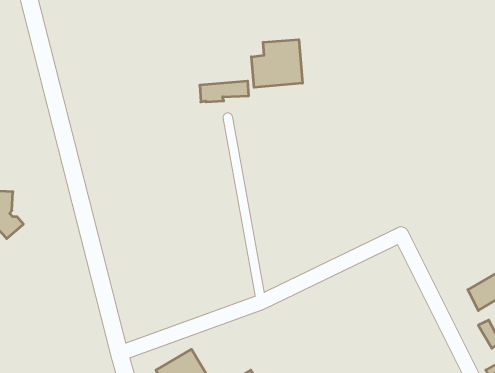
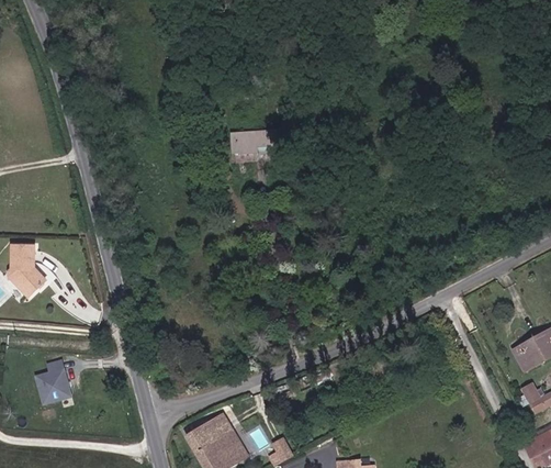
building: [251,40,302,87] -> none
building: none -> [34,358,72,404]

